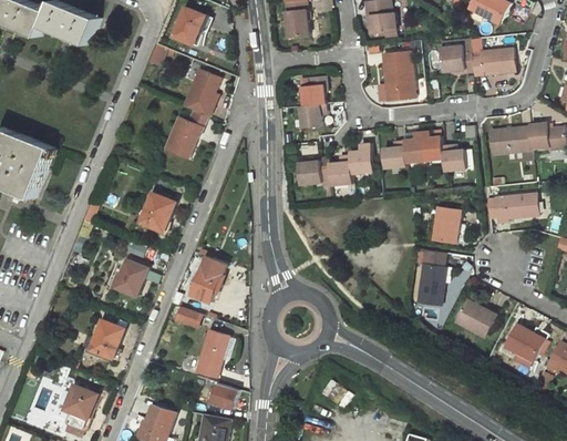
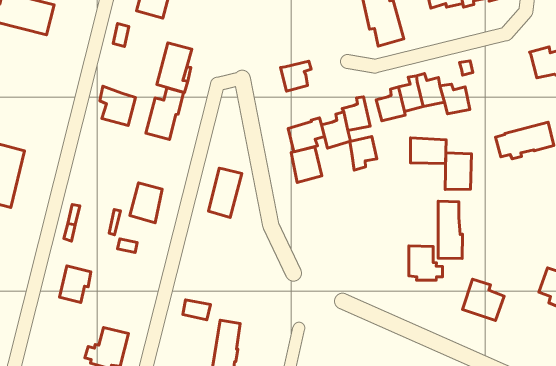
building: [299,75,324,106] -> none
building: none -> [100,86,136,126]
building: [488,127,530,156] -> none
building: none -> [350,136,377,170]
building: none -> [291,147,322,182]
building: none -> [411,138,446,164]
building: [190,256,226,302] -> [208,168,242,218]
building: [115,259,147,295] -> [59,266,91,302]
building: none -> [409,246,443,280]
building: [455,295,495,336] -> [462,279,504,321]

